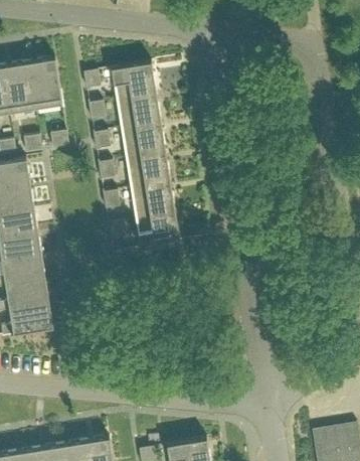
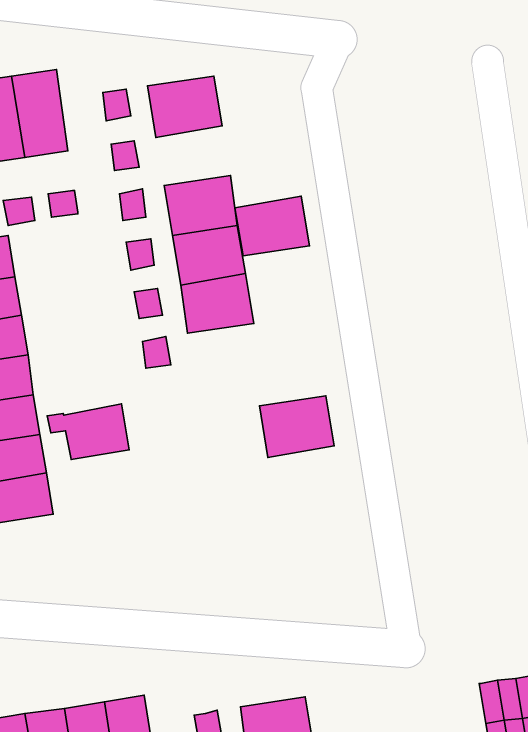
building: [116,92,161,128] -> [235,196,309,256]
building: [135,211,180,249] -> [260,396,334,457]
building: none -> [47,404,129,459]

